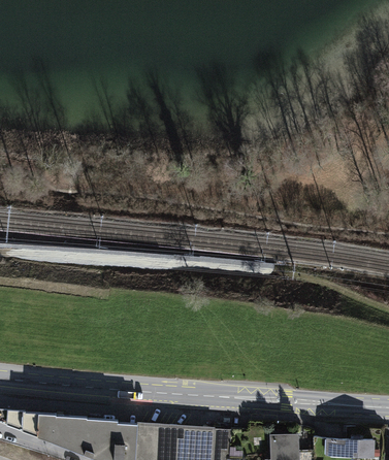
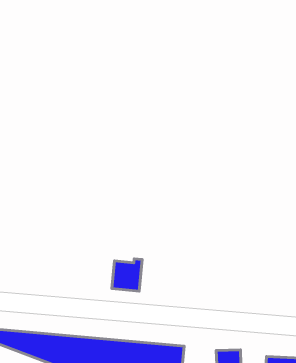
building: none -> [112,259,142,291]

